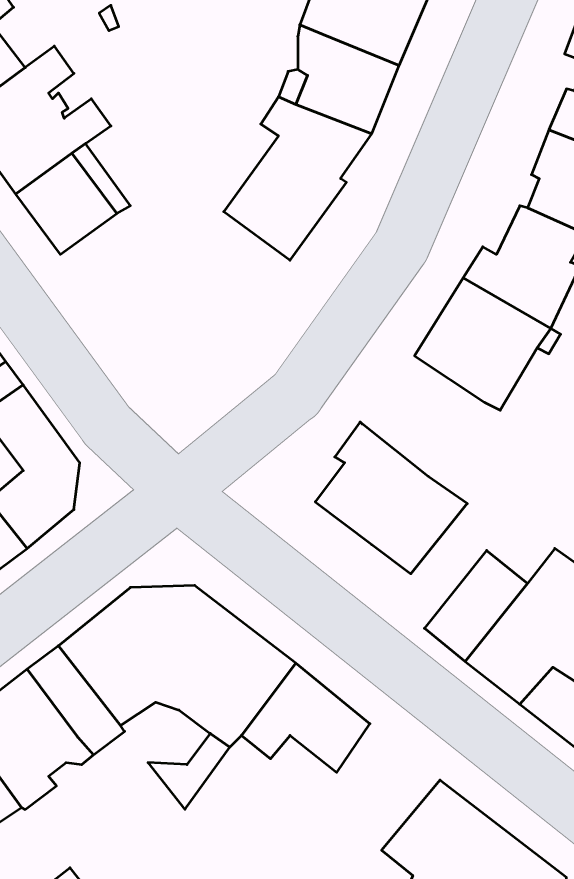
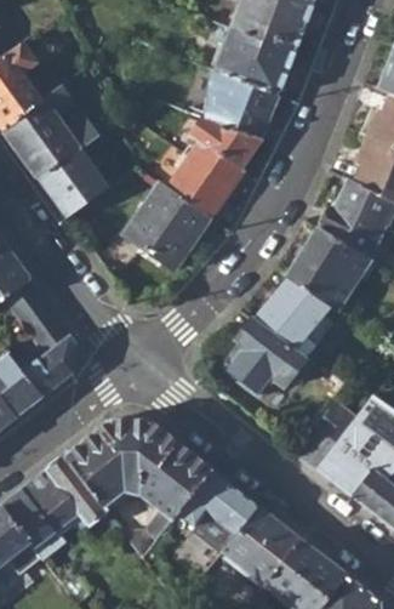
building: none -> [124,183,207,268]
building: none -> [252,277,329,352]
building: none -> [223,506,301,588]

